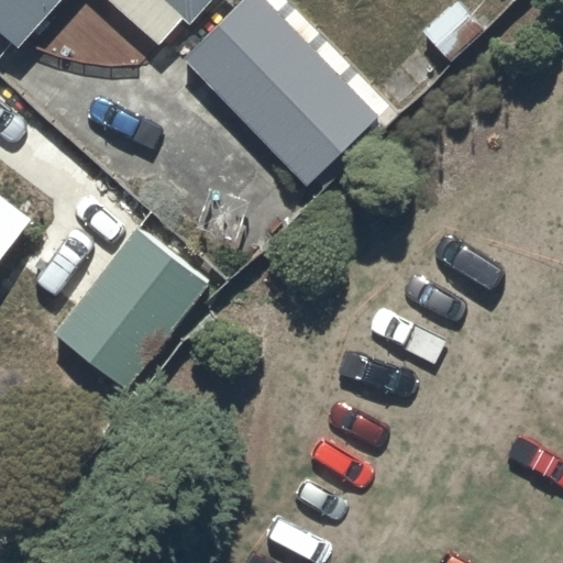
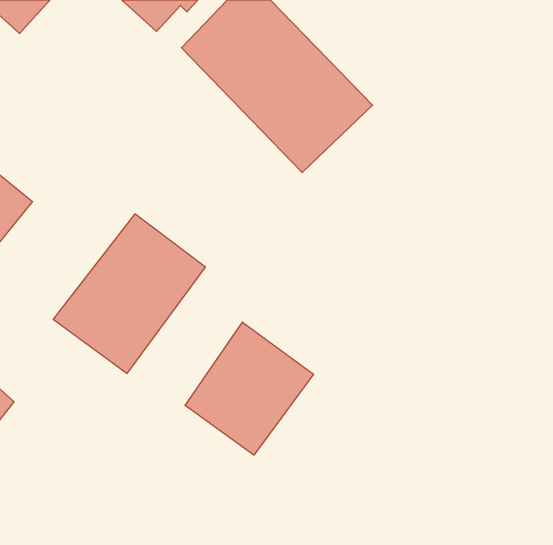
building: none -> [185,322,313,455]

